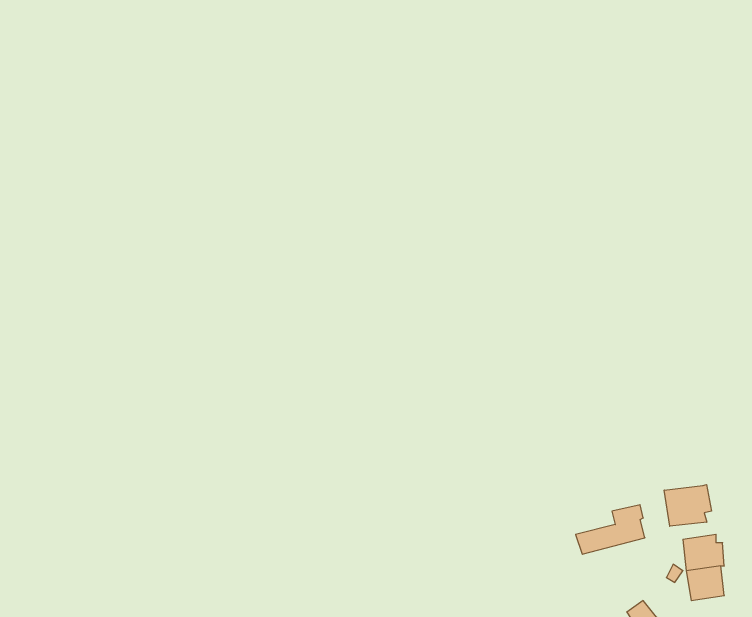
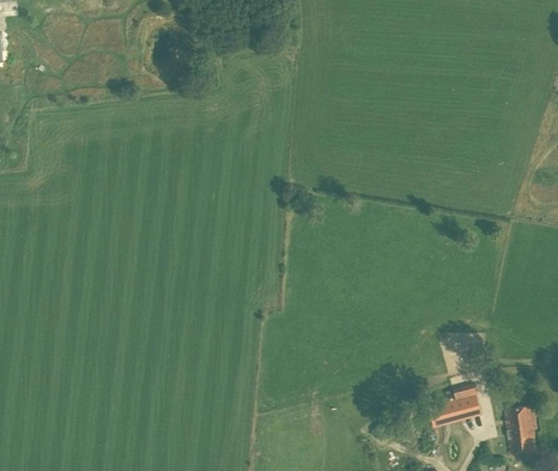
building: [664,485,711,526] -> none

